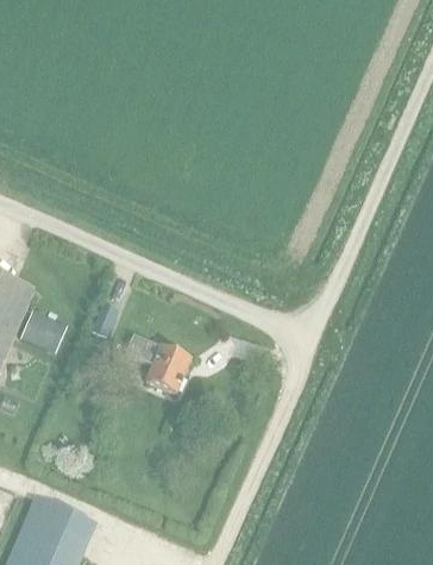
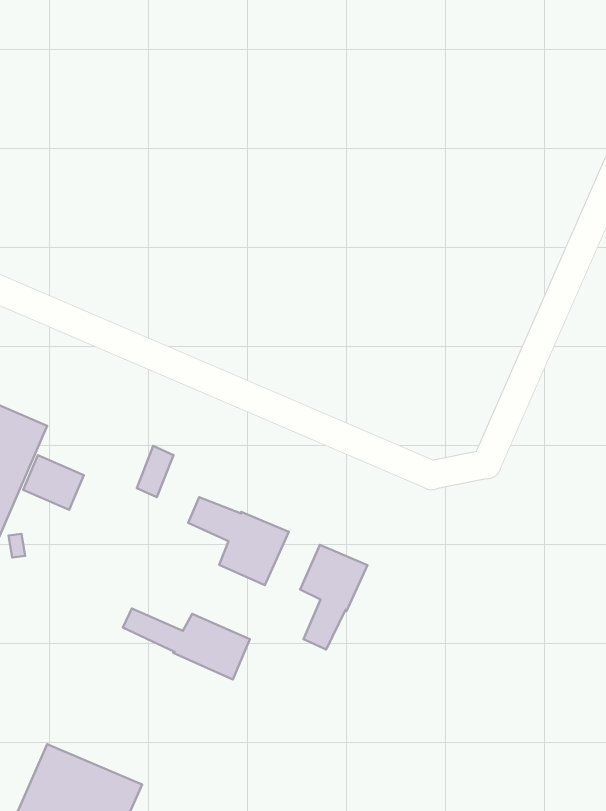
building: none -> [300,545,368,649]
building: none -> [123,609,250,679]

